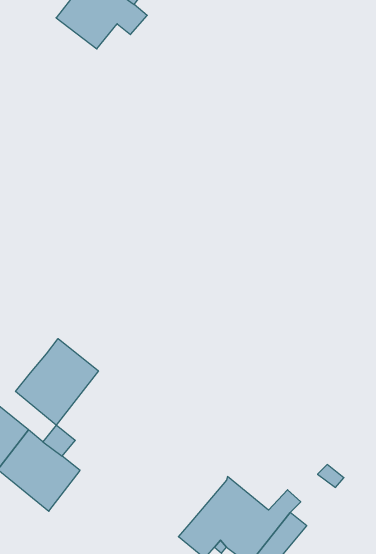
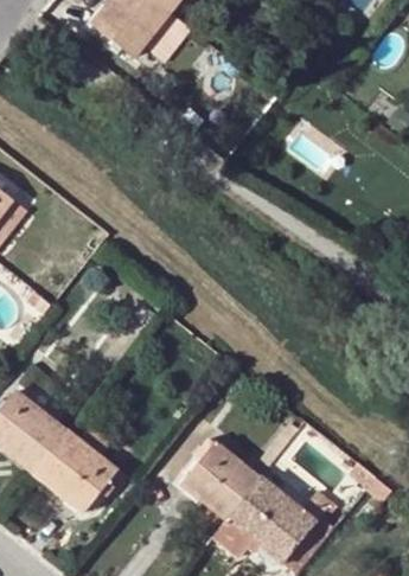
building: [16,339,98,425] -> none
building: none -> [181,444,258,519]

